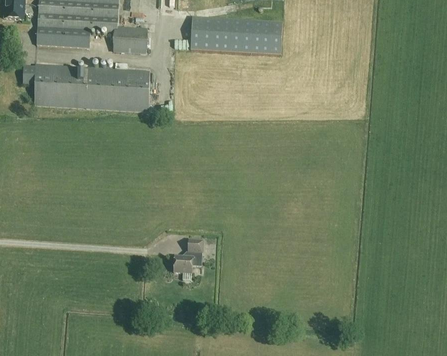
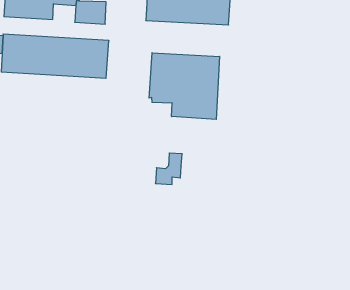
building: none -> [149,53,220,119]
building: [174,239,203,273] -> [155,153,182,184]

